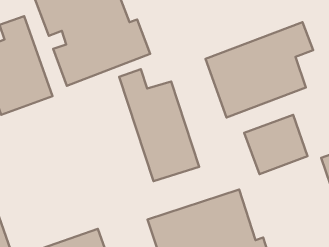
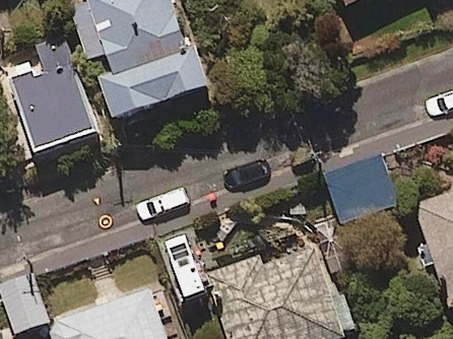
building: [205,22,313,117] -> none
building: [119,69,199,181] -> none

